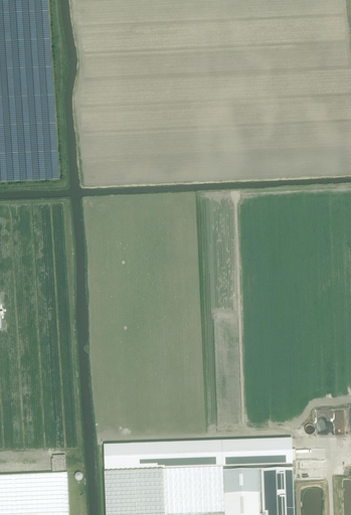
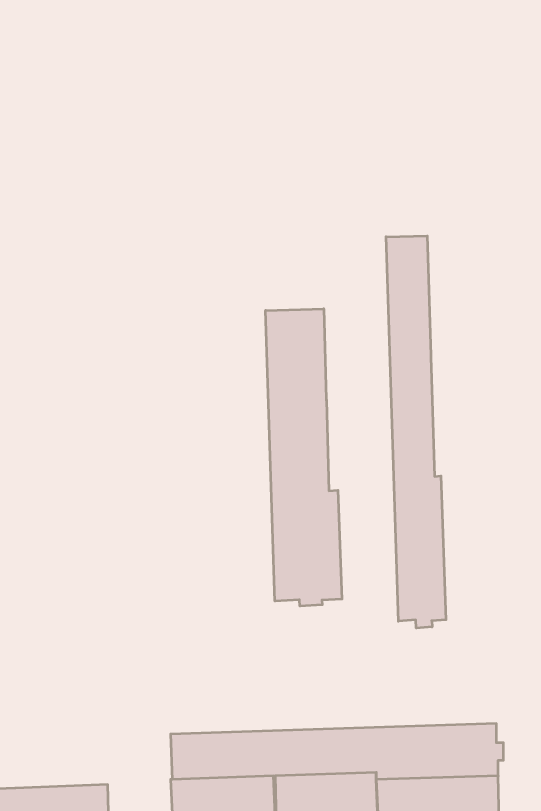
building: none -> [386,236,446,628]
building: none -> [266,309,342,606]

